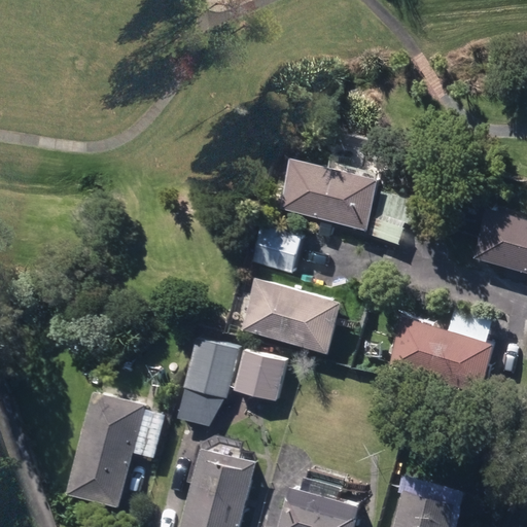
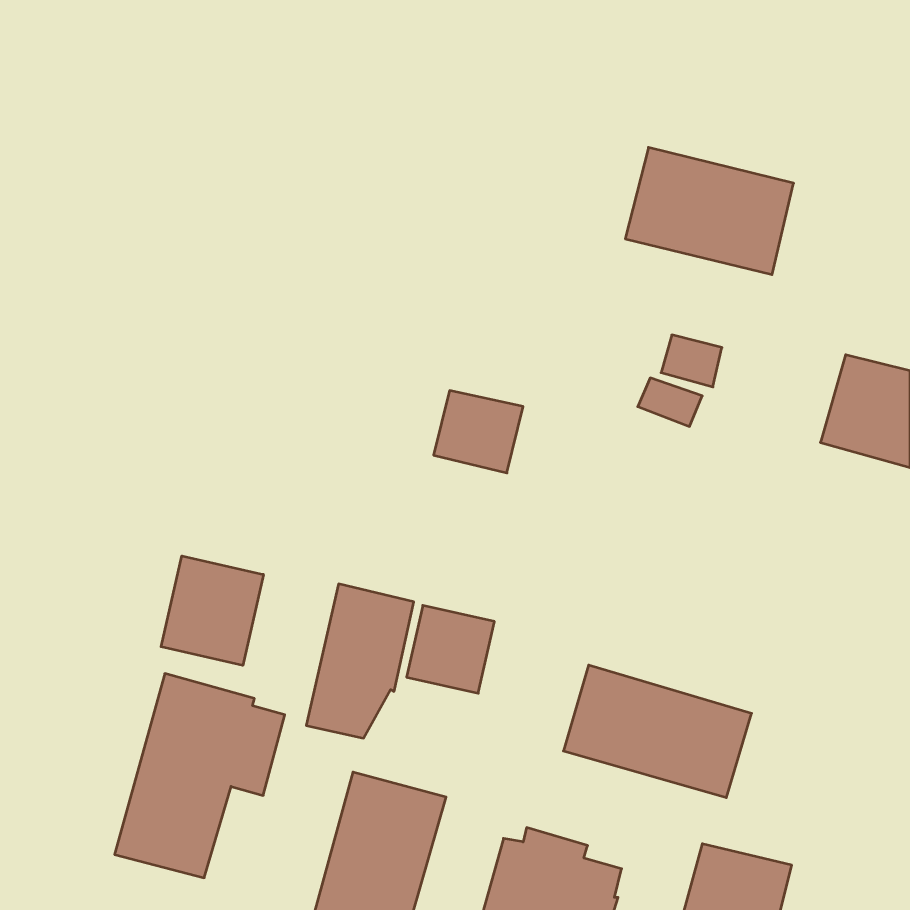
building: [280,157,377,231] -> [625,147,794,275]
building: [239,277,340,353] -> none
building: [385,314,493,390] -> [563,665,752,798]
building: none -> [161,556,263,665]

